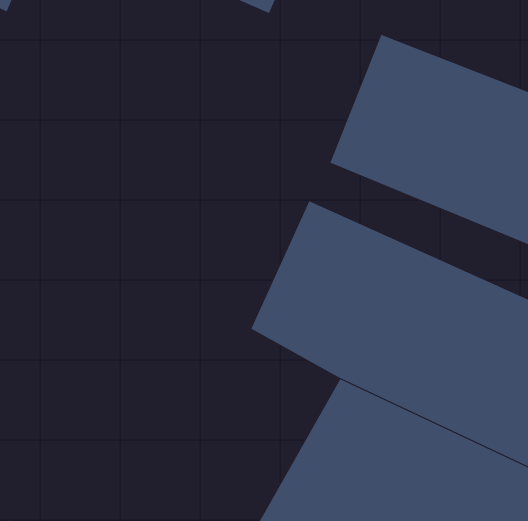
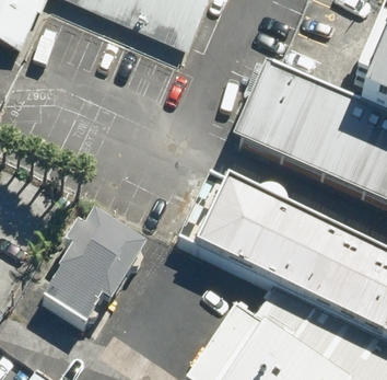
building: none -> [37,214,145,332]

